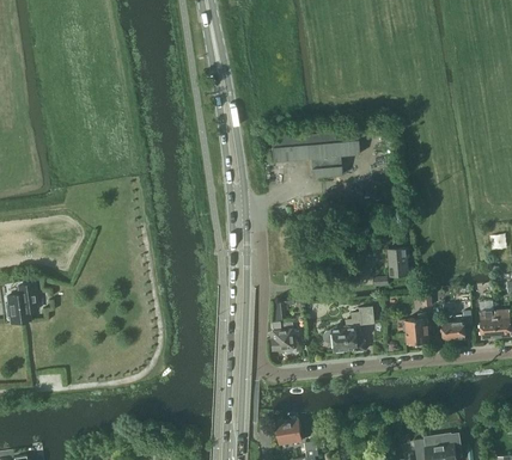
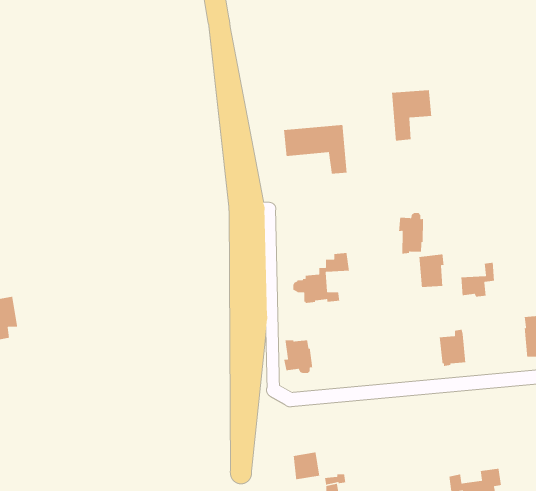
building: [322,130,358,177] -> [391,88,432,141]
building: none -> [398,212,424,254]
building: [323,307,373,352] -> [292,252,350,304]
building: [443,311,473,342] -> [461,262,495,297]

